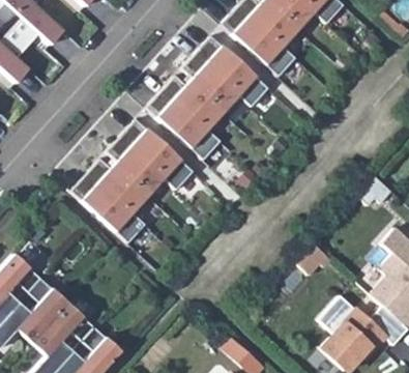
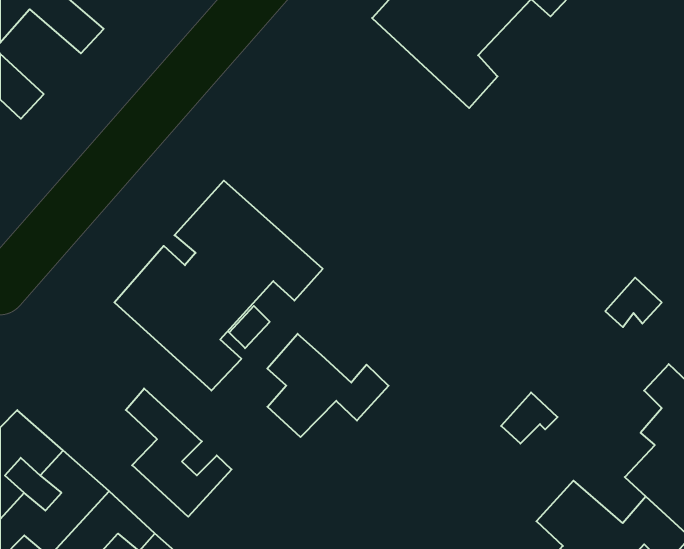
building: [147,35,269,160] -> none
building: none -> [267,334,389,437]
building: none -> [126,388,232,517]

